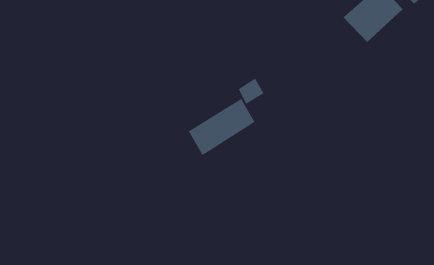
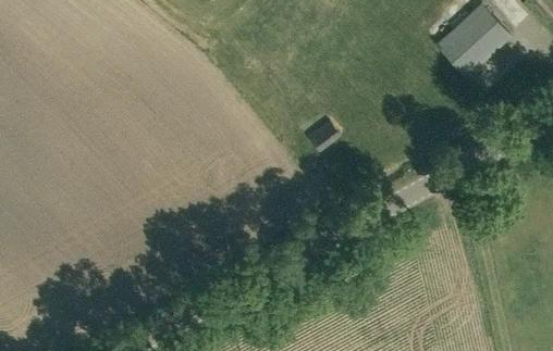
building: [188,98,256,156] -> none

